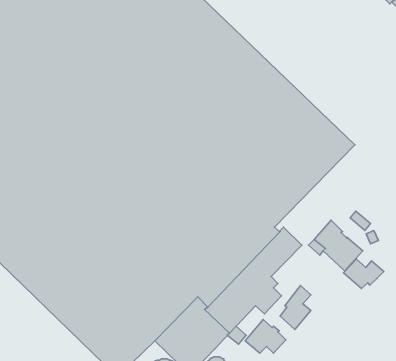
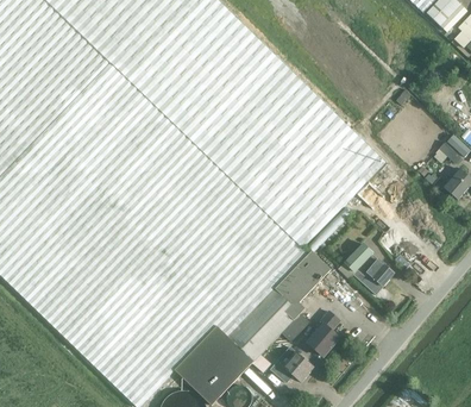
building: [344,259,384,289] -> none

